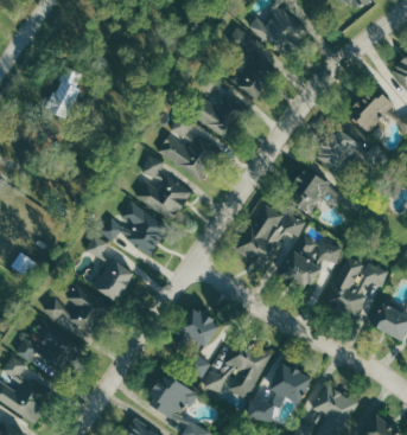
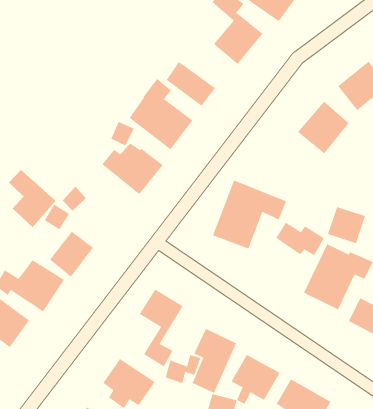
building: [44,66,84,121] -> none
building: [285,168,331,216] -> none
building: [122,203,167,256] -> [8,169,56,228]
building: [284,256,318,289] -> [327,206,366,244]

